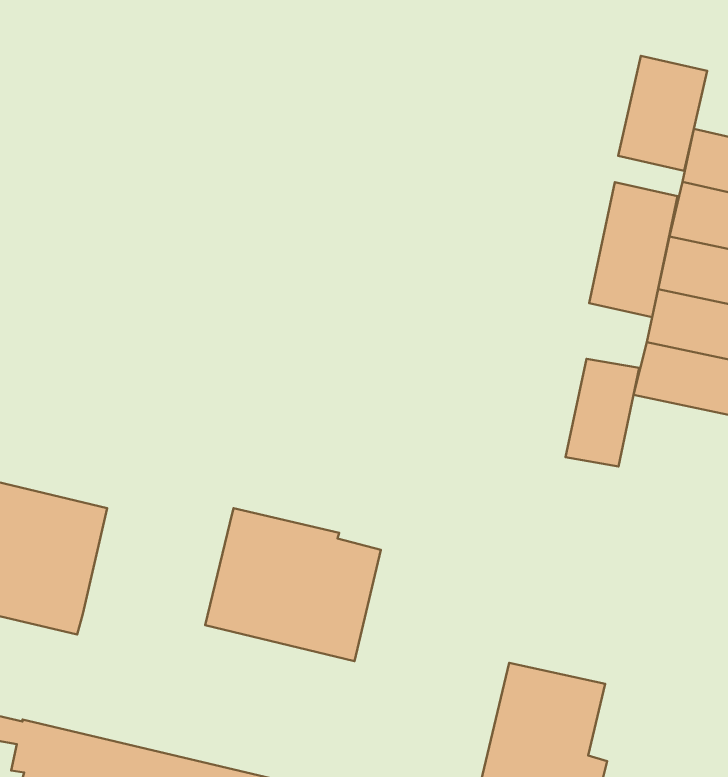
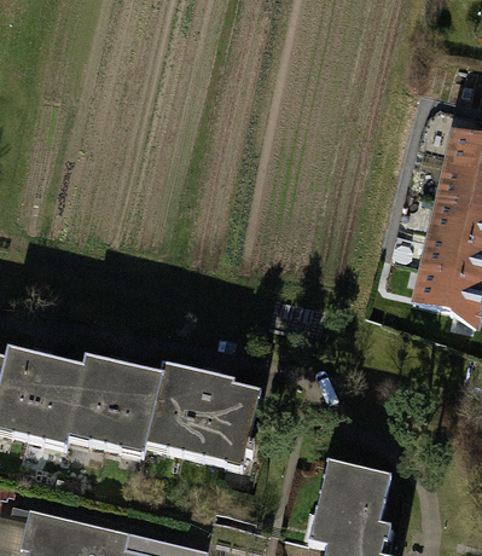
building: [618,56,707,171] -> none
building: [589,182,677,317] -> none
building: [566,359,639,467] -> none
building: none -> [59,361,153,456]

